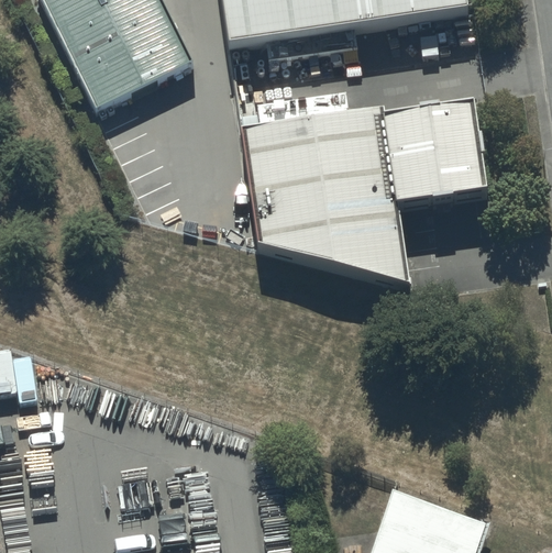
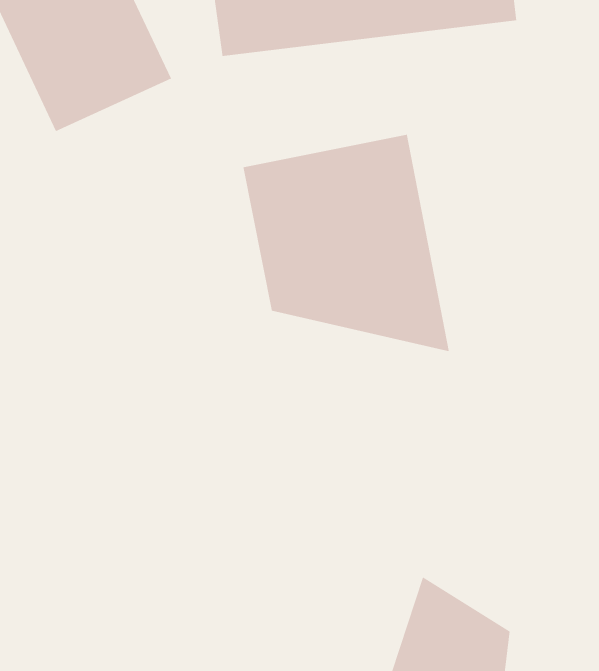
building: [386,96,486,202] -> none

